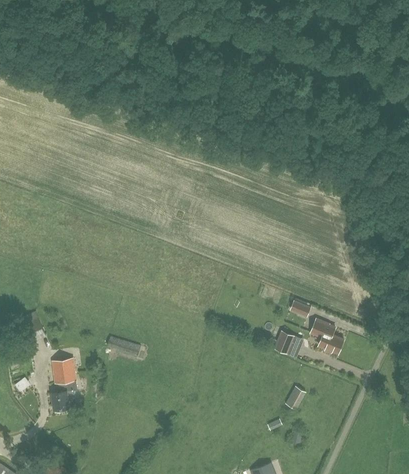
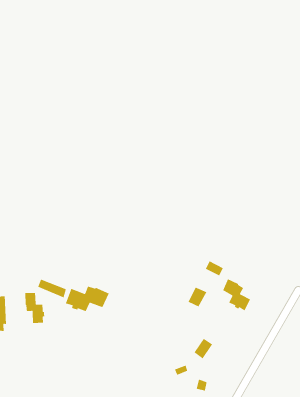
building: none -> [65,285,110,312]
building: none -> [25,292,45,324]

